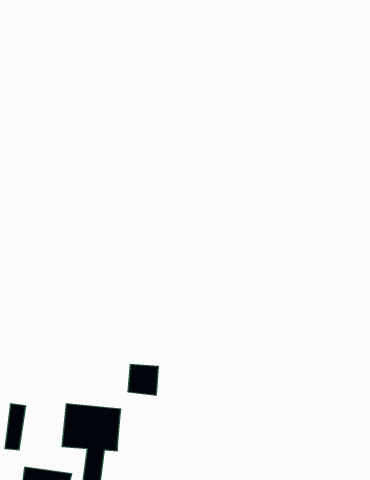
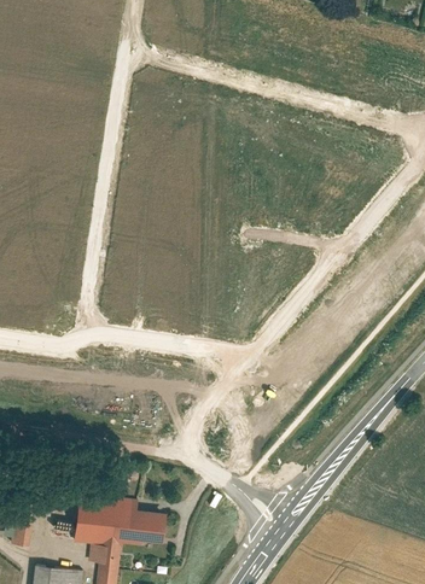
building: [128,364,159,395] -> [135,512,169,545]

